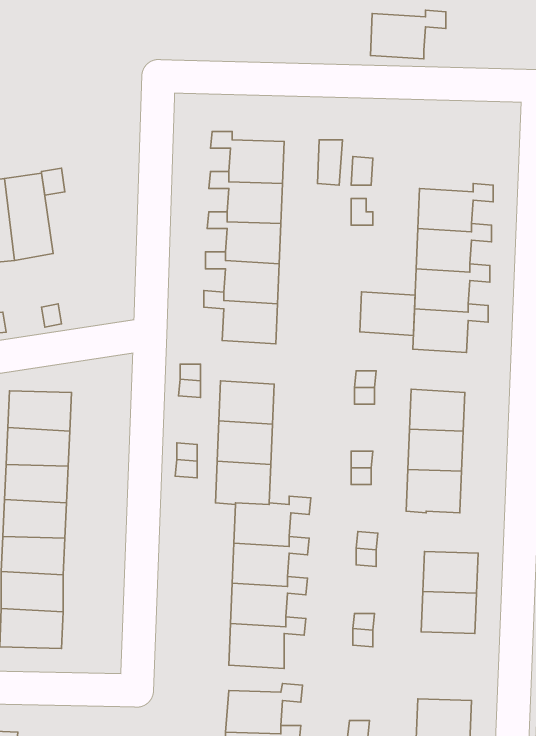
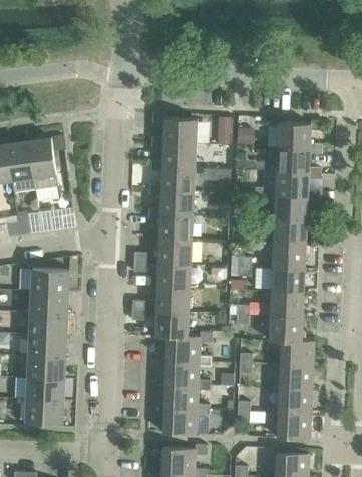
building: [370,10,446,59] -> [277,120,322,149]
building: [360,292,415,335] -> [272,244,305,270]
building: none -> [157,238,191,265]
building: none -> [280,341,313,366]
building: none -> [277,413,310,439]

